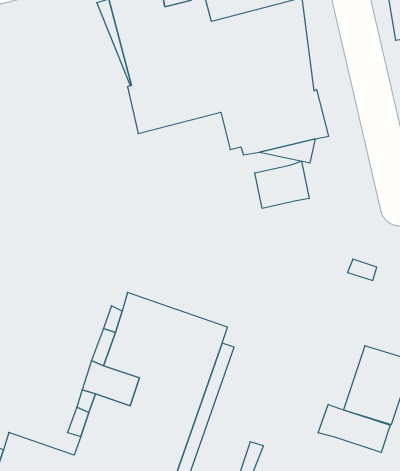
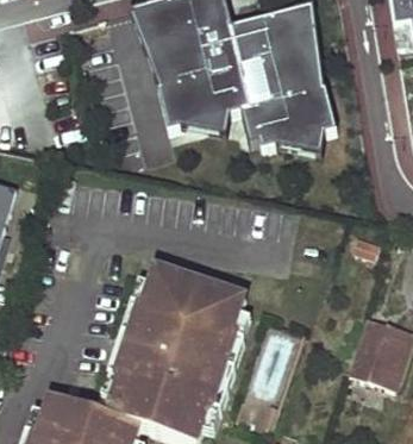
building: [255,161,309,208] -> none
building: [318,404,390,453] -> none

